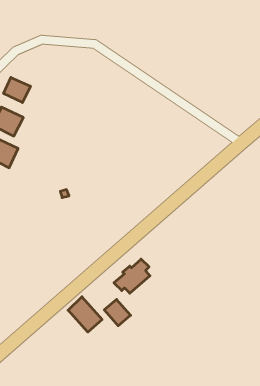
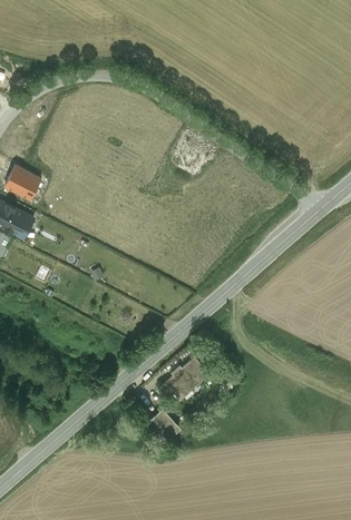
building: [4,77,30,103] -> none
building: [68,297,102,332] -> none

